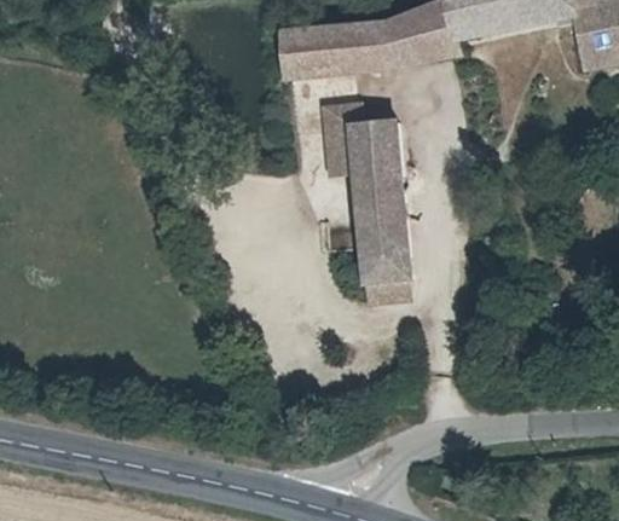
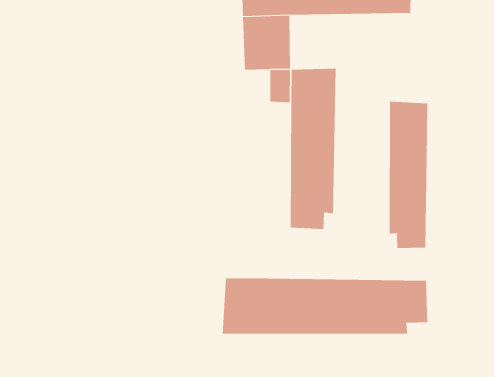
building: none -> [389,101,428,249]
building: none -> [222,277,428,334]

